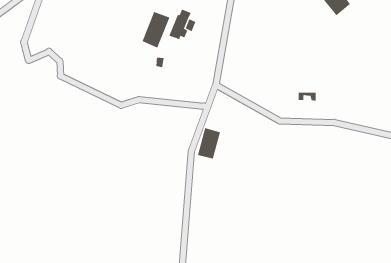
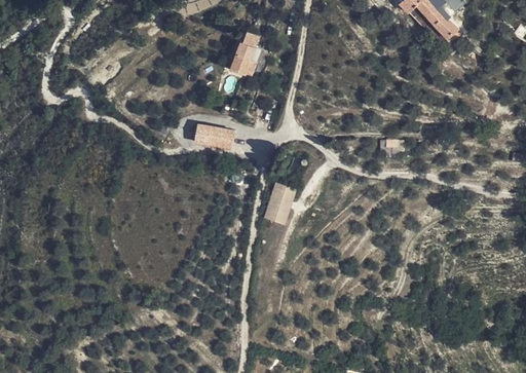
building: [142,11,170,48] -> none
building: none -> [200,125,235,149]

